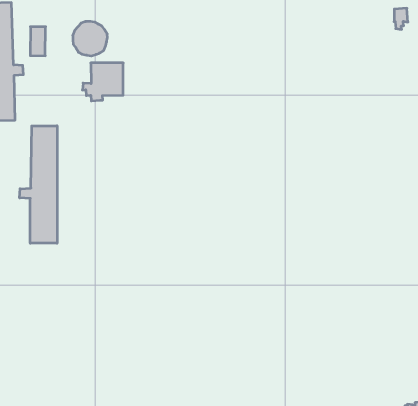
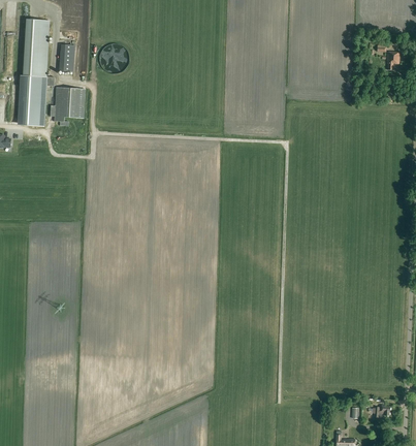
building: [82,63,123,101] -> [46,87,85,121]
building: [20,126,57,243] -> none

